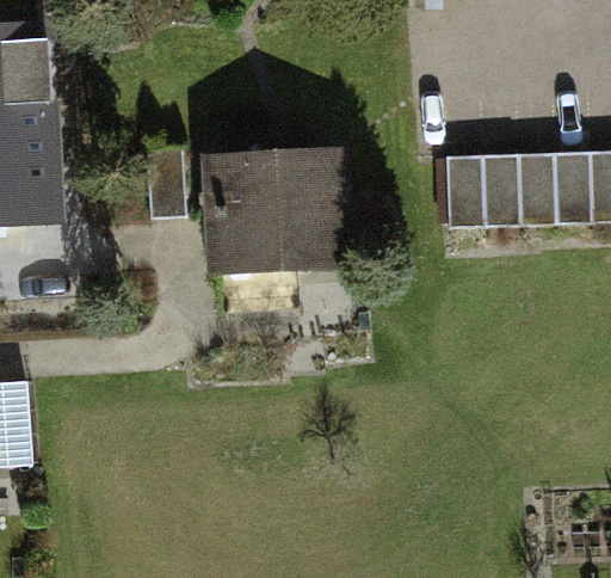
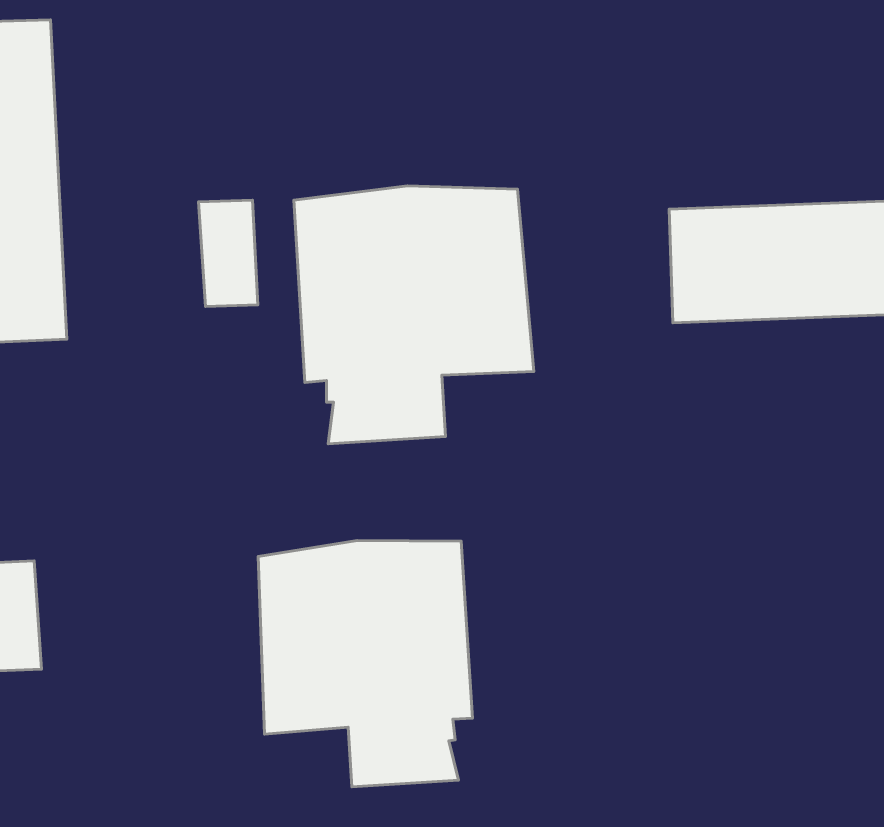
building: none -> [258,540,472,787]

